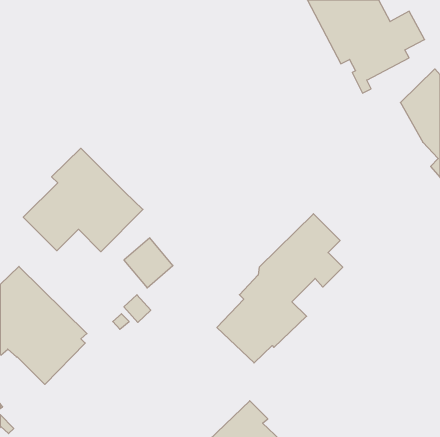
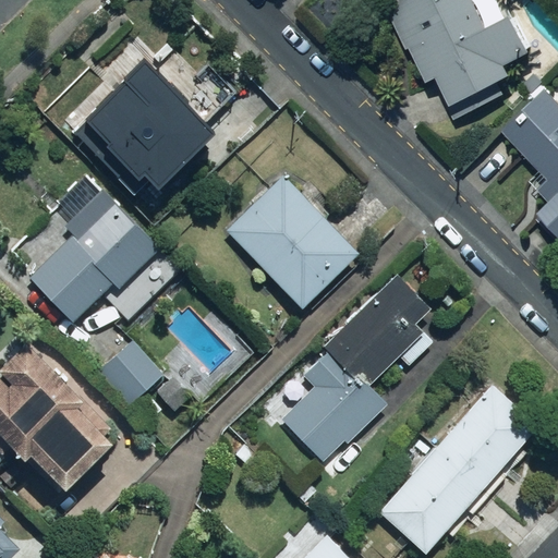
building: none -> [65,71,209,199]
building: none -> [227,175,359,307]
building: [124,238,173,288] -> [101,341,163,404]
building: none -> [379,385,537,553]

